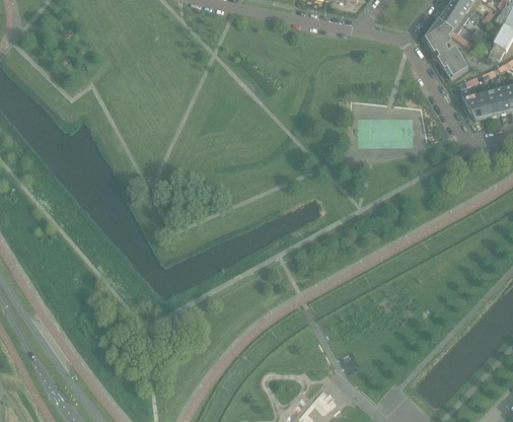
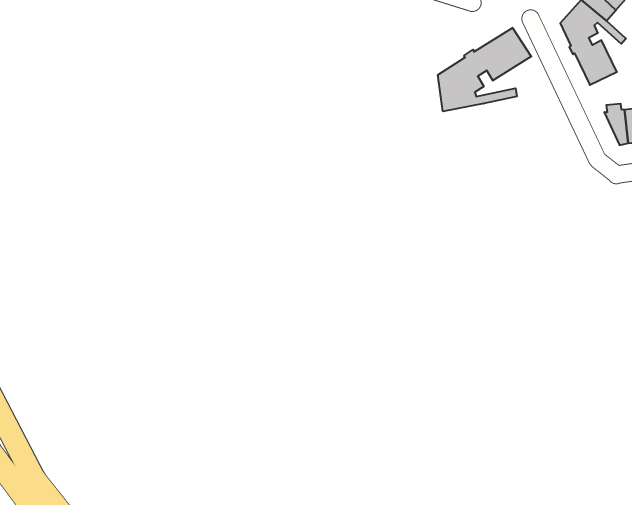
building: none -> [438,28,531,111]

